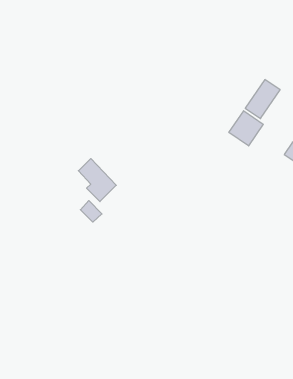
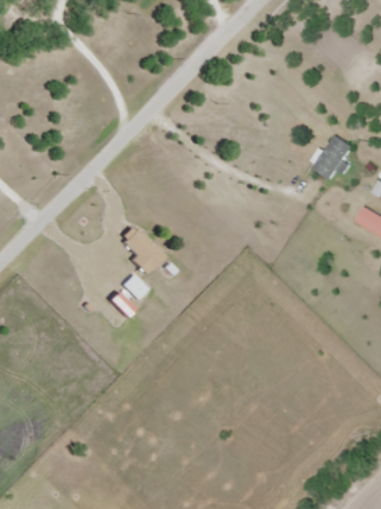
building: [229,111,263,146] -> none

